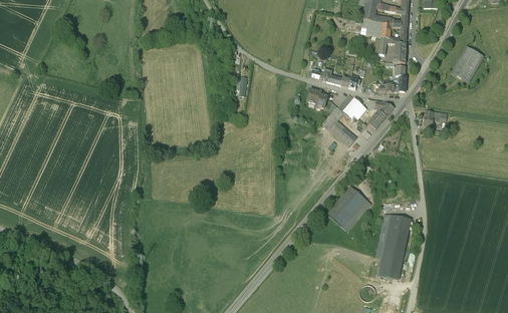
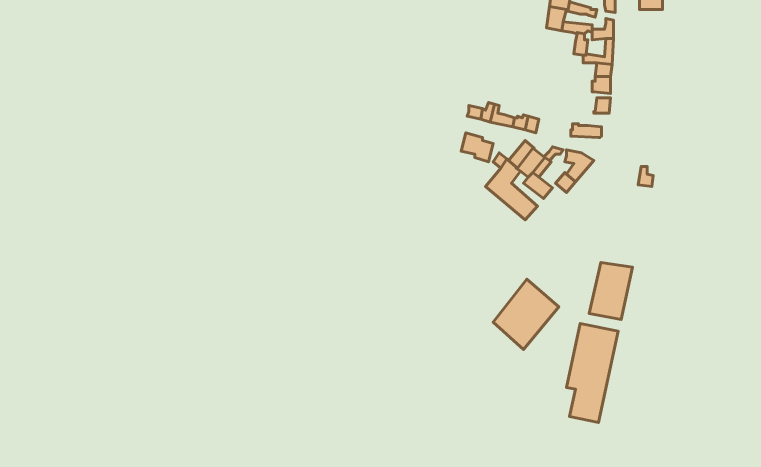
building: [451,45,483,81] -> none
building: none -> [589,262,632,319]

